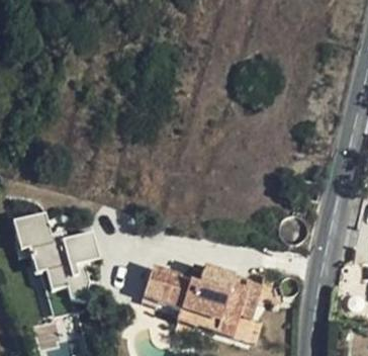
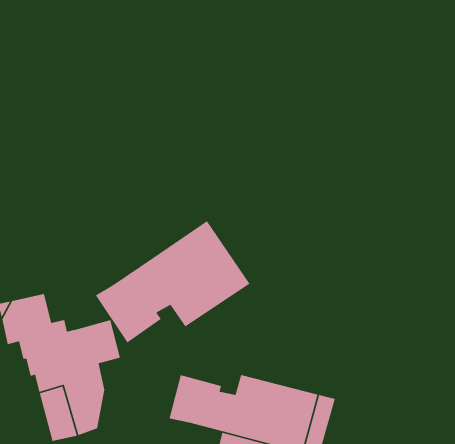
building: none -> [95,220,250,343]

